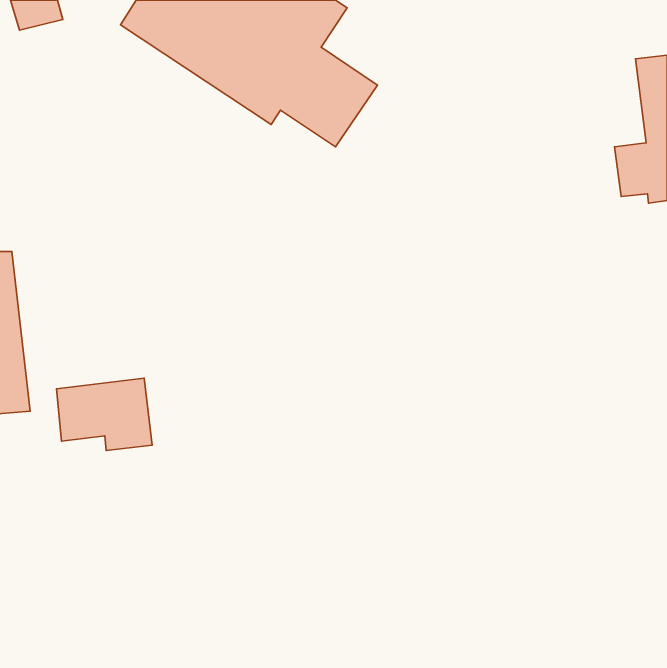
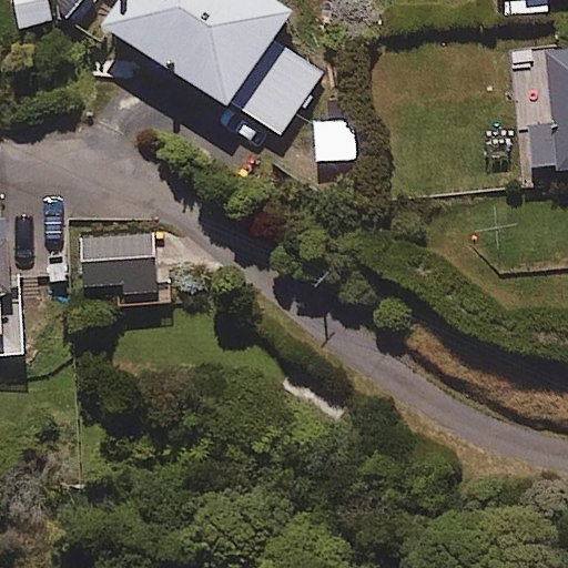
building: [56,378,152,450] -> [81,232,162,293]

